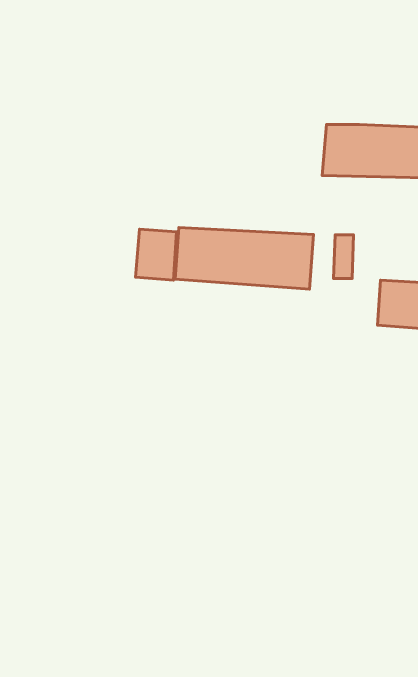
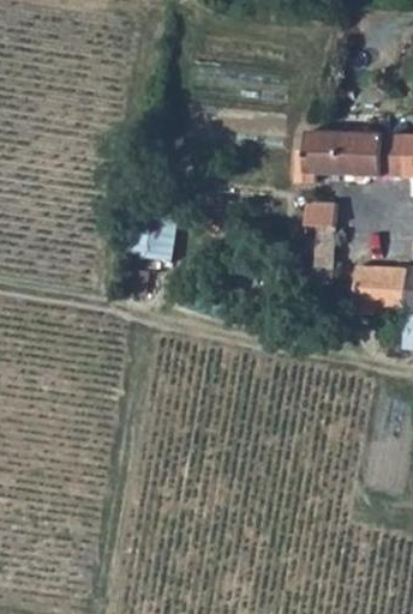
building: [175,227,314,289] -> none

